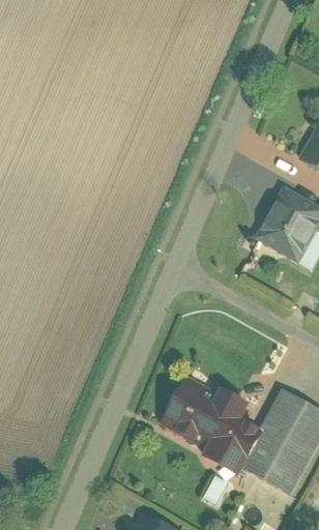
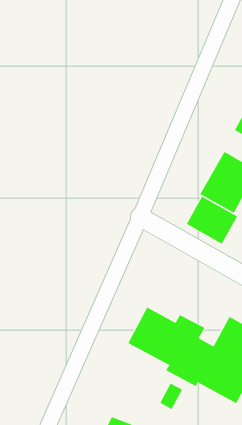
building: none -> [186,196,238,245]

